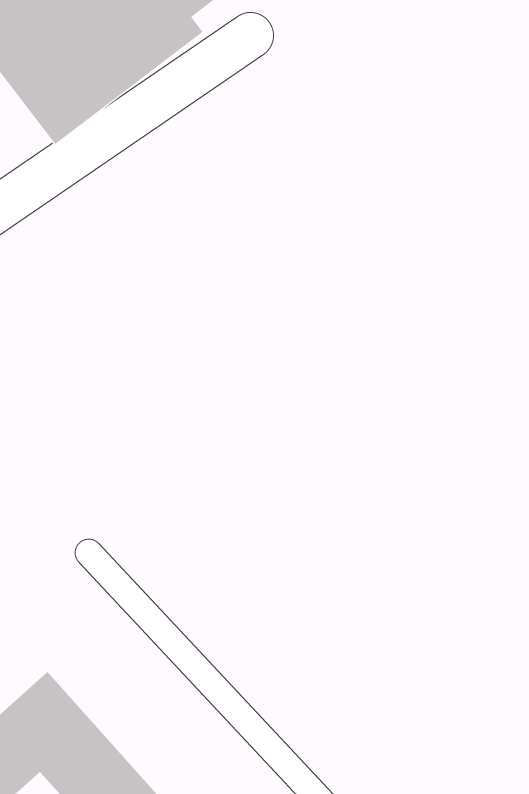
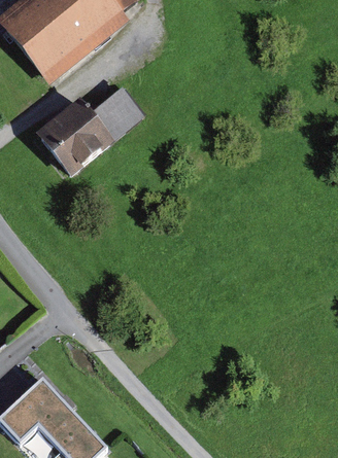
building: none -> [30,90,145,181]

